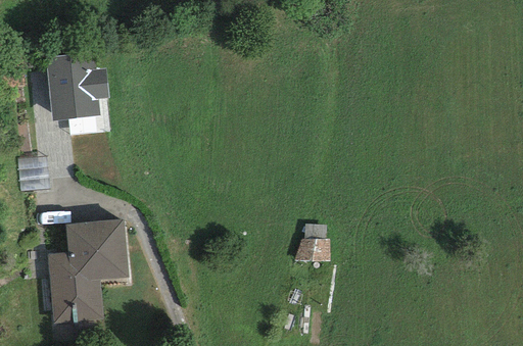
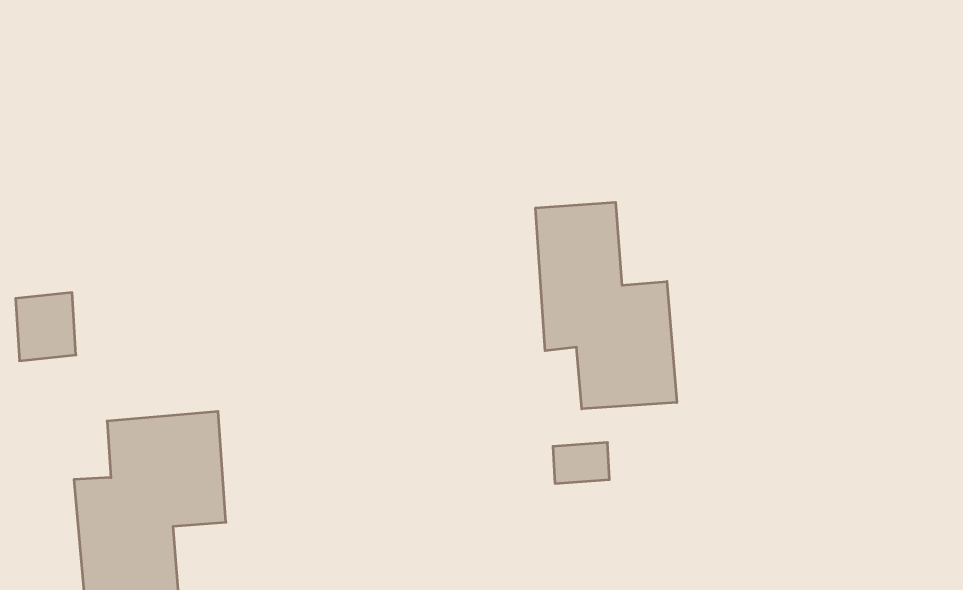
building: [45,52,109,121] -> none
building: none -> [536,202,677,409]

